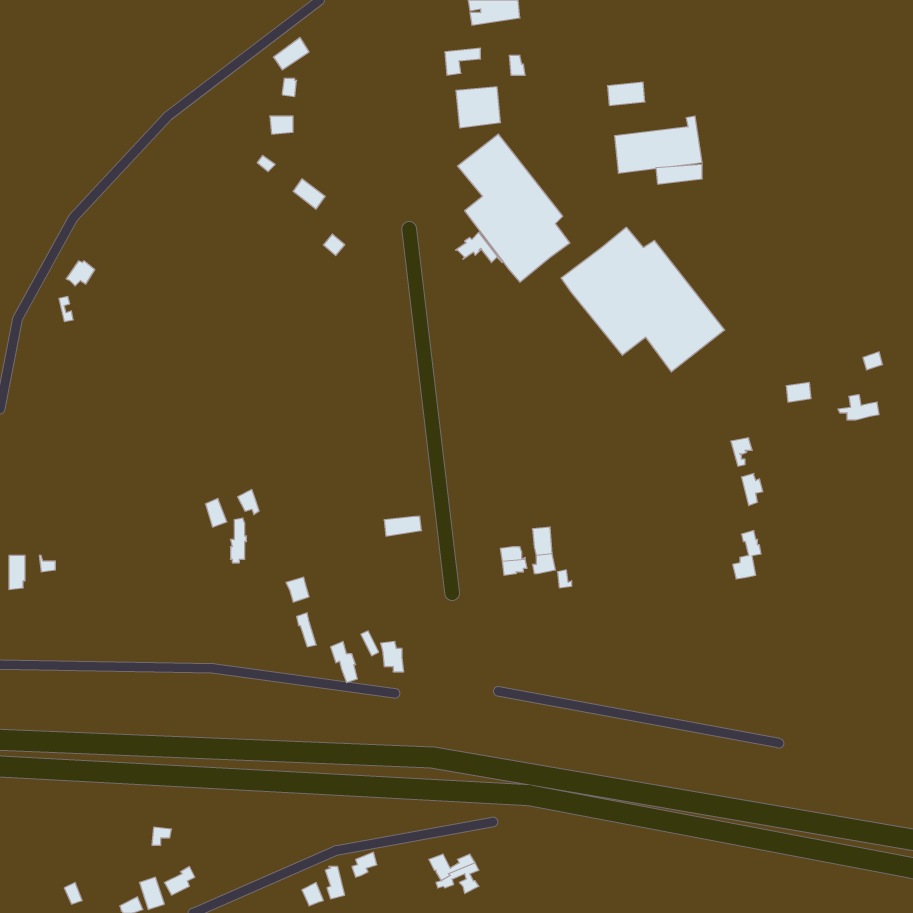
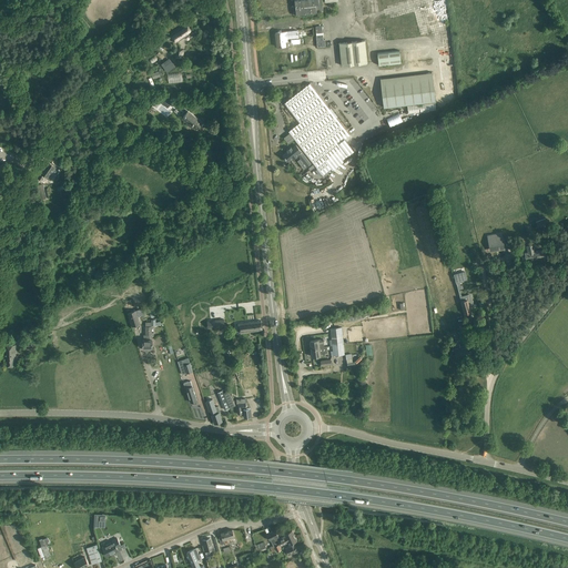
building: [456,87,501,128] -> [339,40,367,65]
building: [561,227,725,372] -> none

